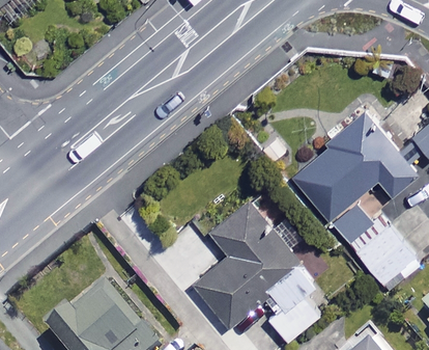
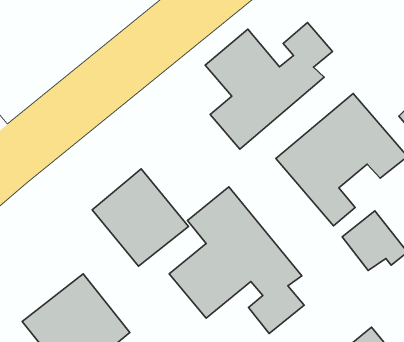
building: none -> [205,22,332,149]
building: none -> [92,169,188,266]

